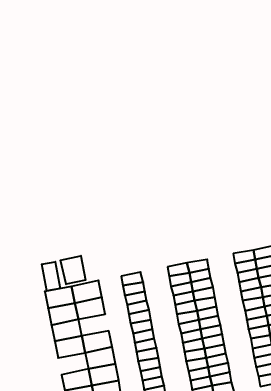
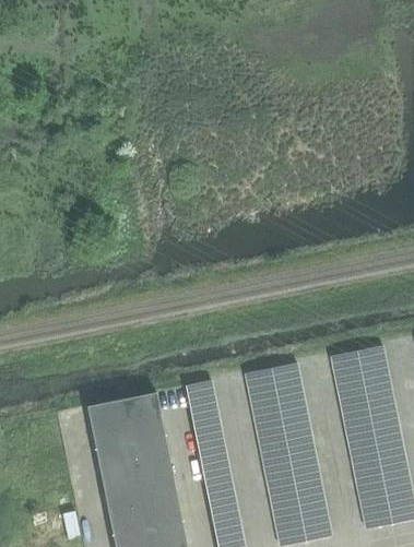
building: [60,256,86,284] -> none
building: [42,262,60,291] -> none
building: none -> [130,436,169,464]
building: none -> [104,486,143,514]

